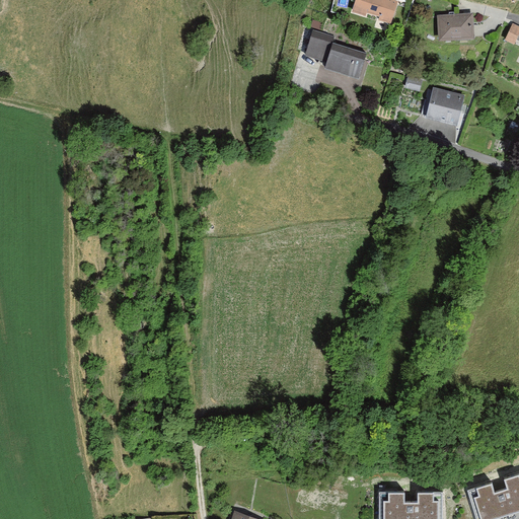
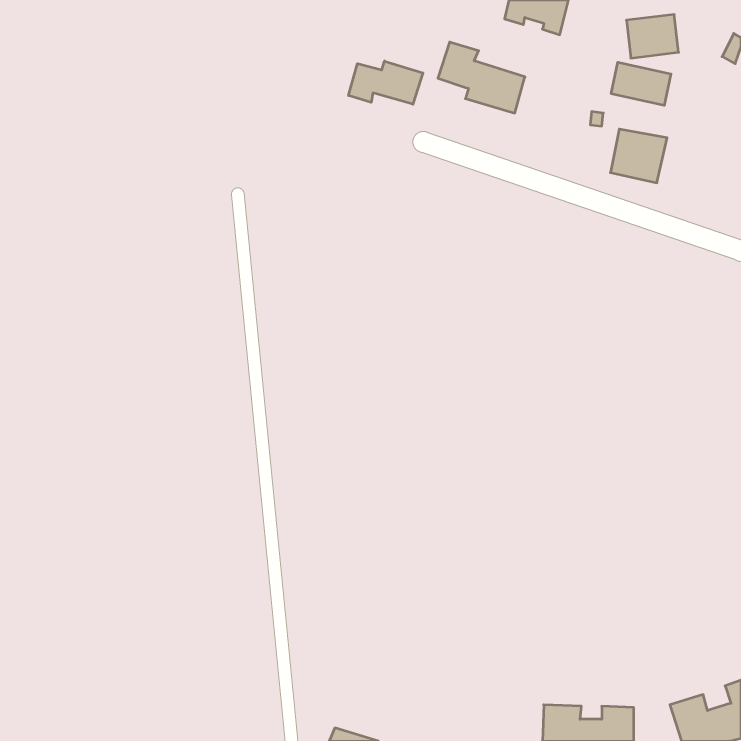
building: none -> [349,61,423,104]
building: none -> [611,62,671,105]

